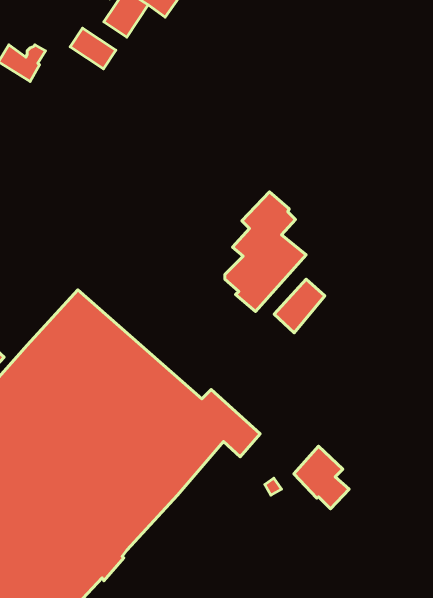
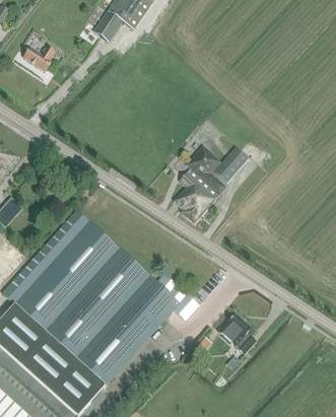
building: [70,28,116,69] -> none
building: [274,279,325,333] -> [213,148,247,184]

